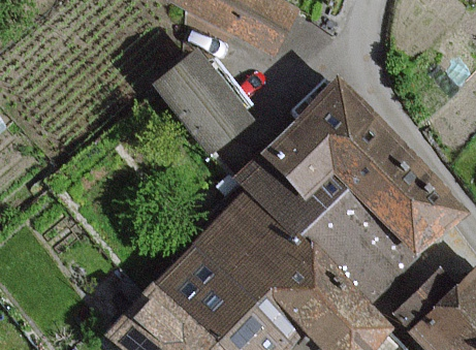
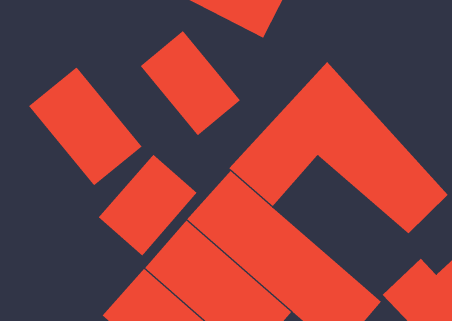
building: none -> [28,67,143,186]
building: none -> [98,154,198,256]
building: [284,174,420,305] -> none

